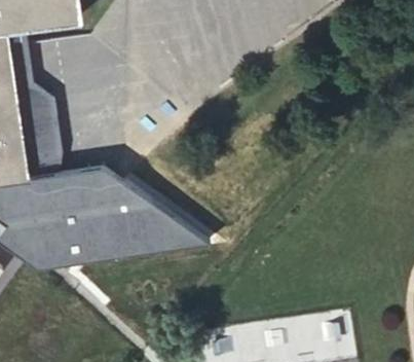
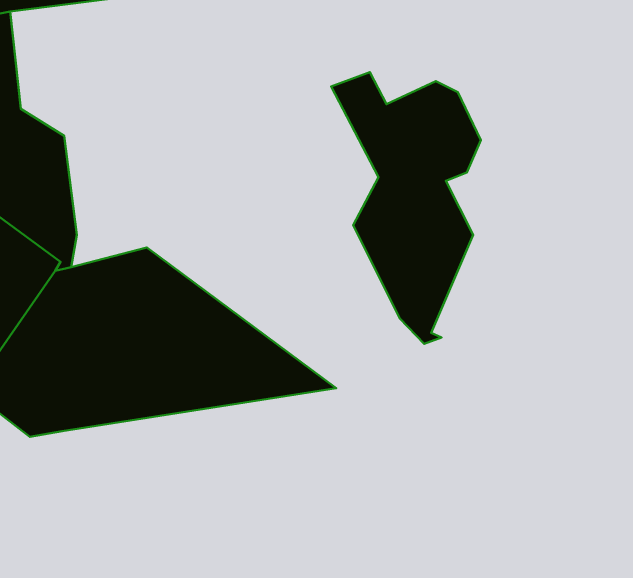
building: none -> [331,72,481,344]

